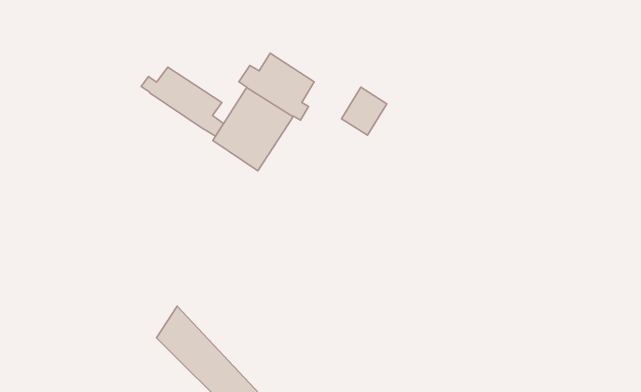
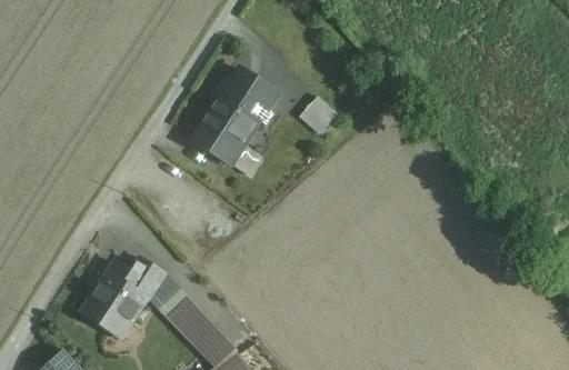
building: [141,67,224,136] -> none
building: none -> [82,259,164,336]

